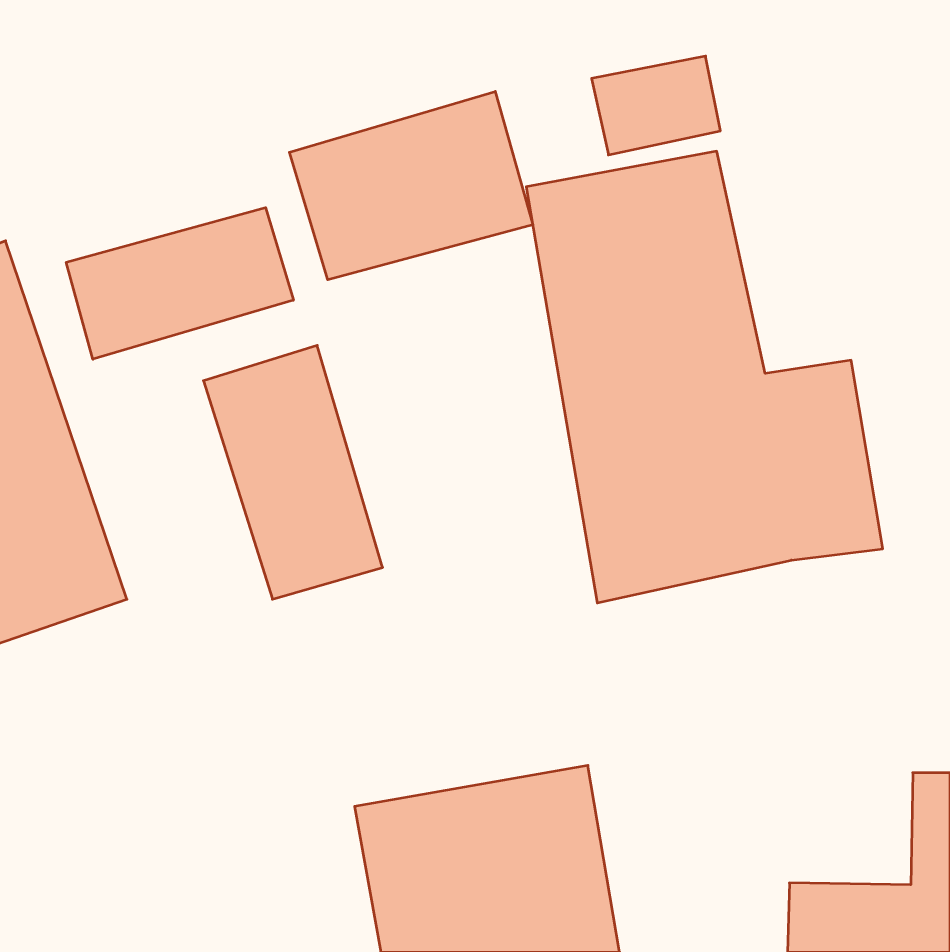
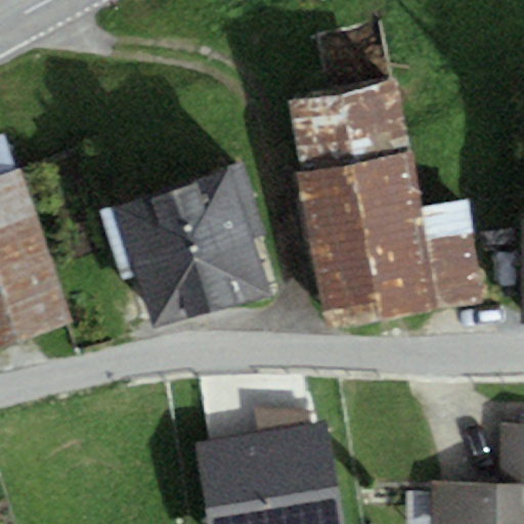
building: [289,91,533,280] -> none
building: [66,208,293,359] -> none
building: none -> [174,171,272,311]

